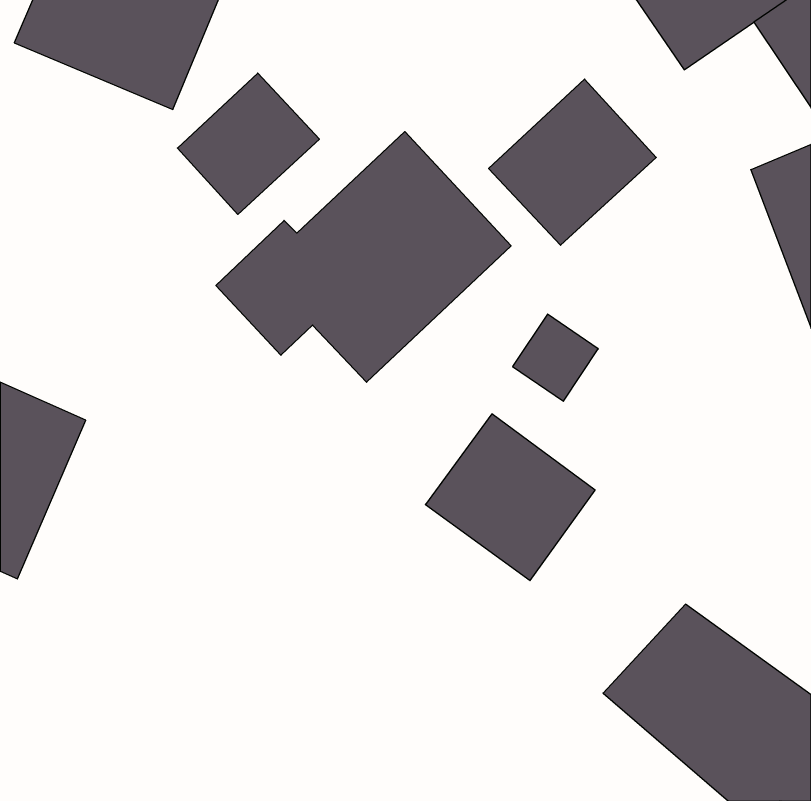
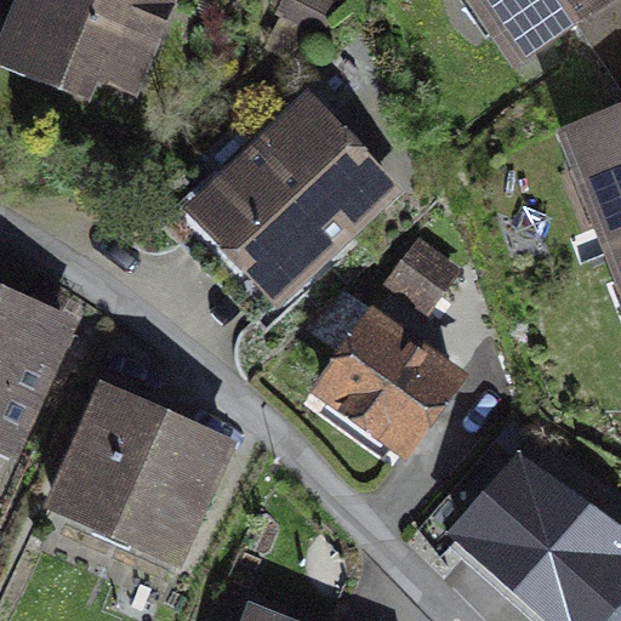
building: [177,73,319,214] -> none
building: [489,79,656,245] -> none
building: none -> [58,392,229,552]

